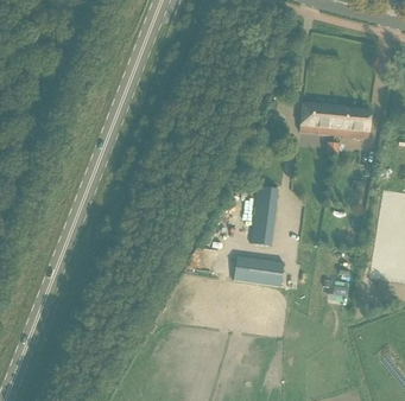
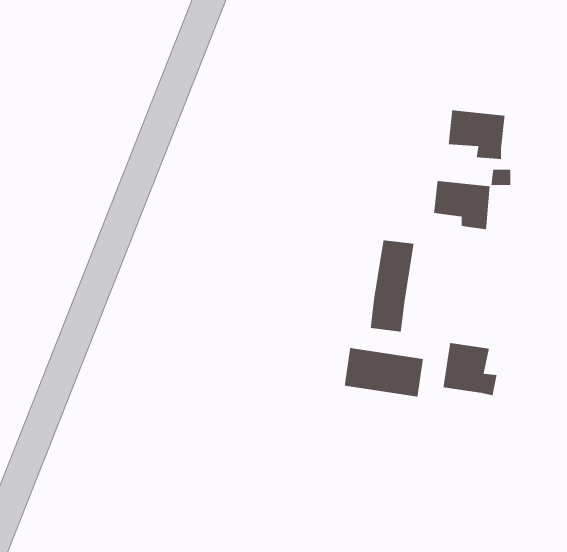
building: [334,109,371,141] -> [433,180,491,230]
building: none -> [443,342,497,396]

